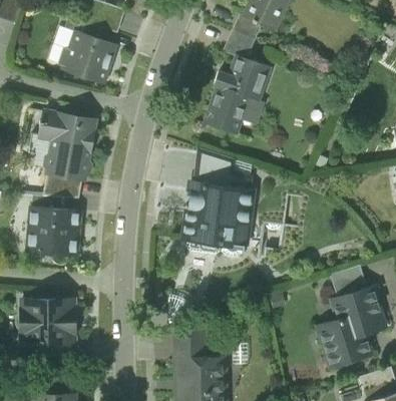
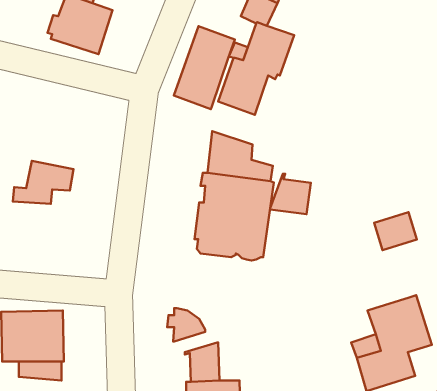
building: none -> [174,26,235,109]
building: [39,111,95,179] -> none
building: none -> [270,174,311,214]
building: [28,207,79,260] -> none
building: [330,265,366,297] -> [374,212,417,250]

